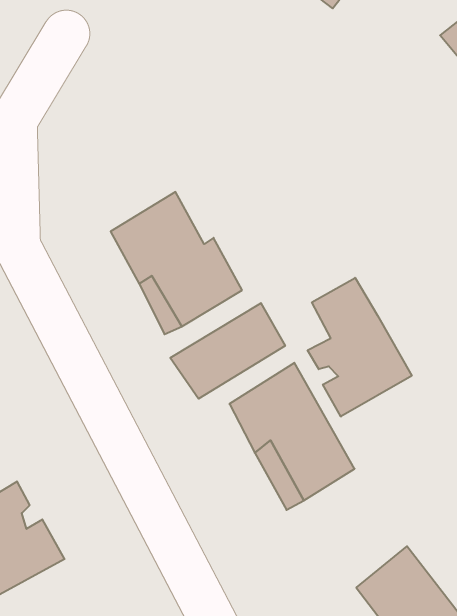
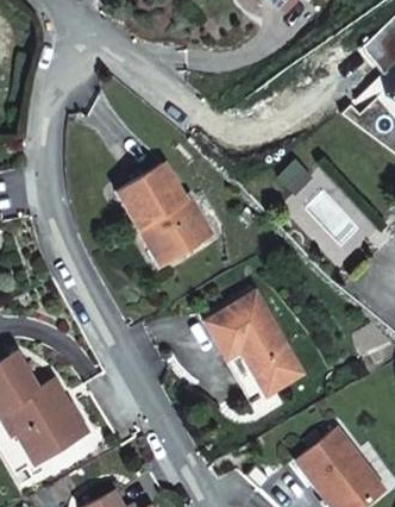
building: [308,278,412,417] -> none
building: [170,303,285,399] -> none

